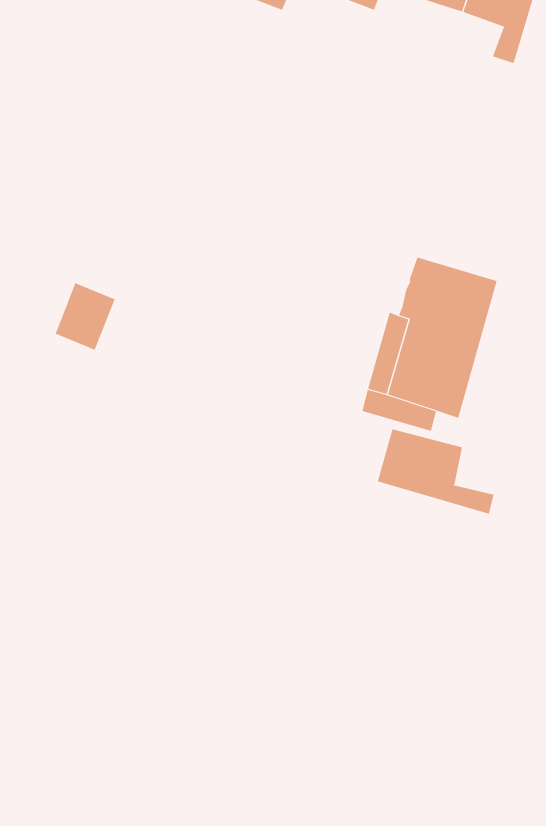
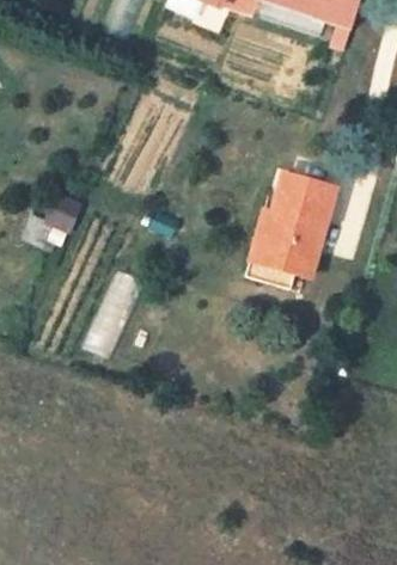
building: [377,429,494,514] -> none

